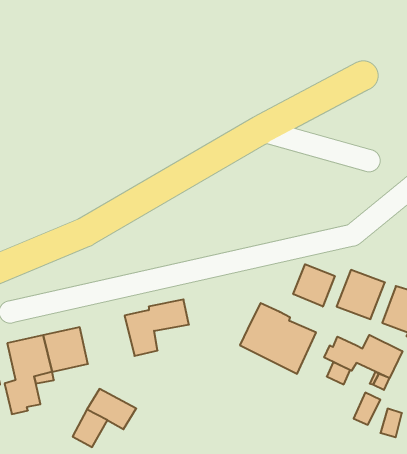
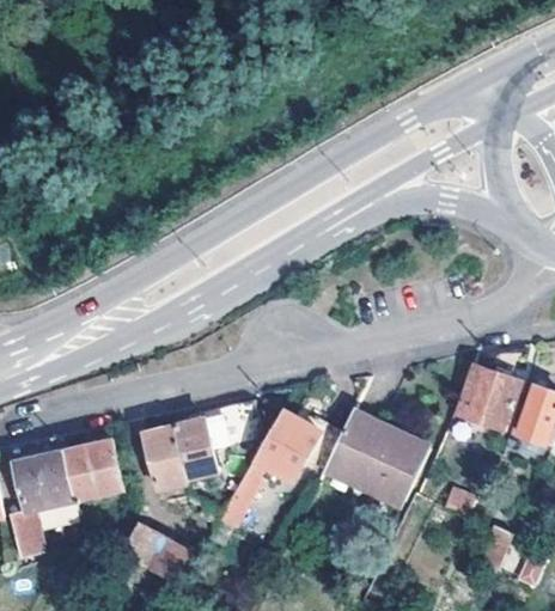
building: [293,264,335,307] -> none
building: none -> [216,413,341,527]
building: none -> [144,424,185,489]
building: [324,335,402,378] -> none

